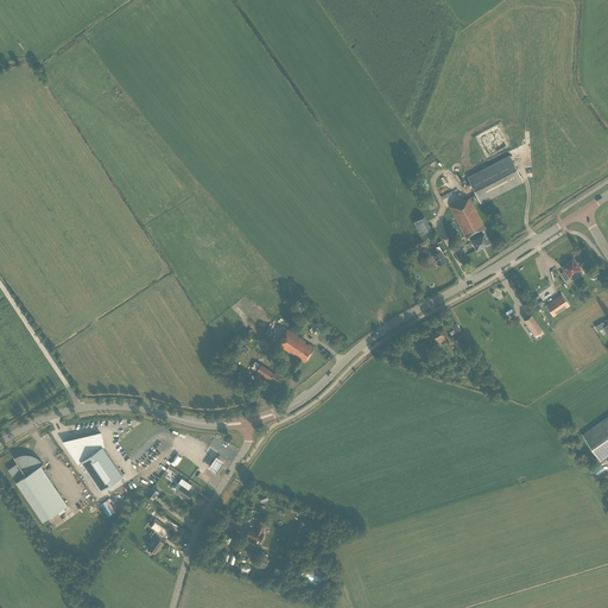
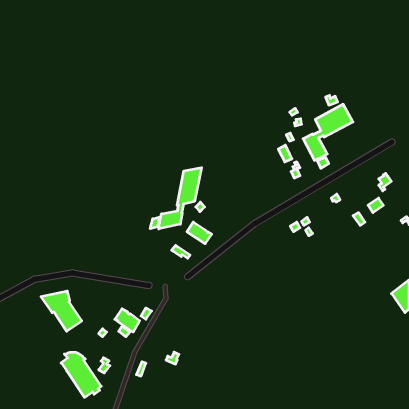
building: none -> [150,168,202,229]
building: [7,454,66,520] -> [61,352,101,397]

